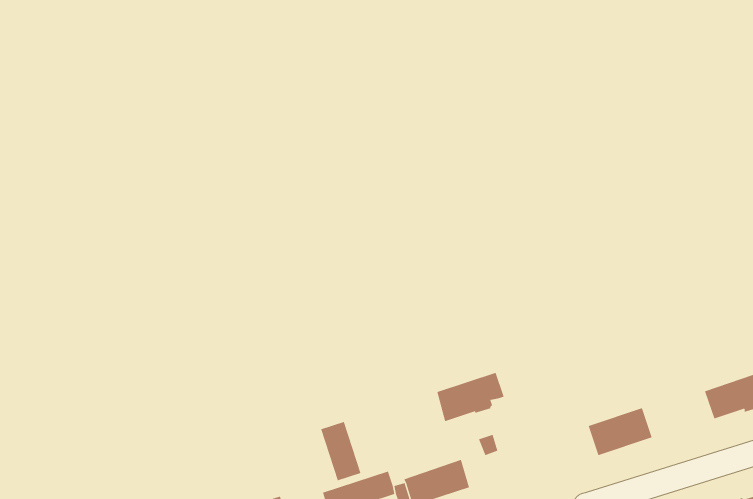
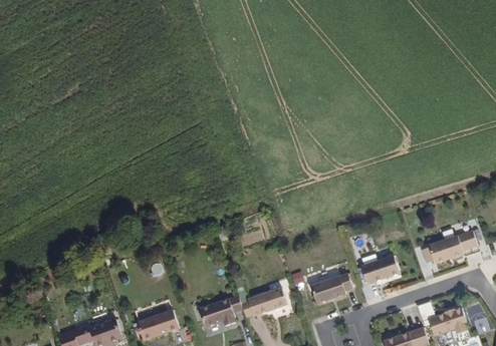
building: [436,372,504,422] -> [309,274,350,304]
building: [321,421,361,481] -> none

